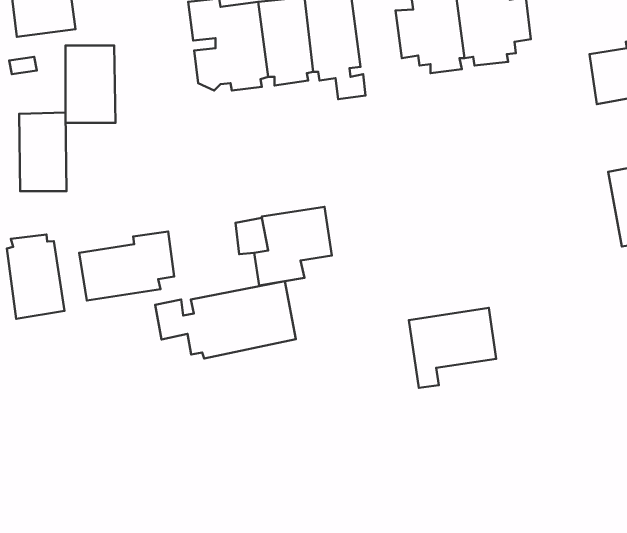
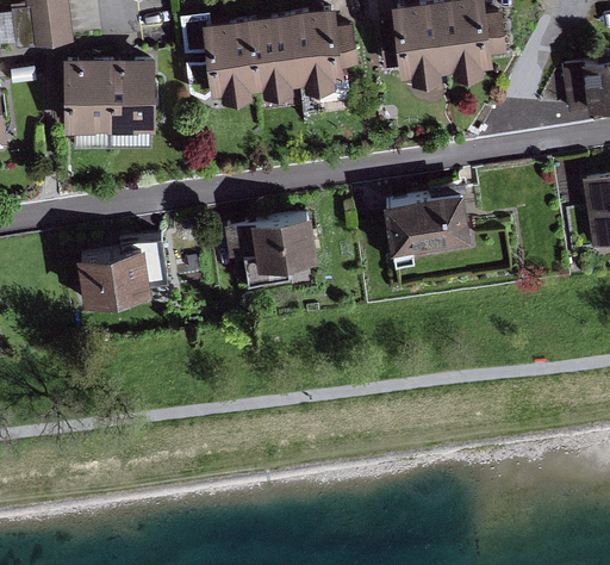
building: [19,113,67,191] -> [111,58,156,134]
building: [7,235,64,319] -> none
building: [155,281,296,359] -> none
building: [409,308,496,388] -> [387,192,471,268]

